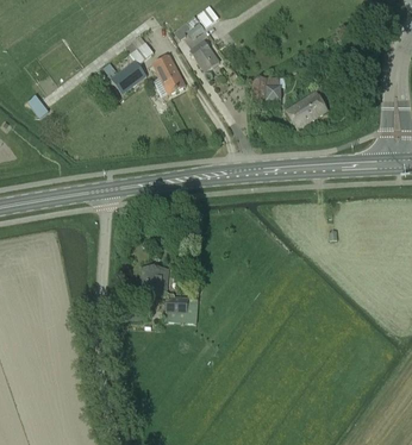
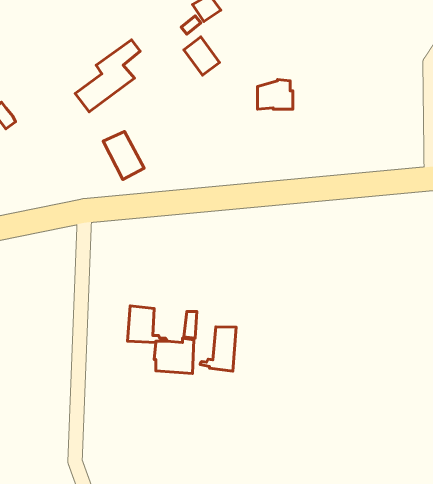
building: [151,54,186,94] -> [103,131,144,179]
building: [285,90,327,129] -> none
building: none -> [200,327,236,371]

